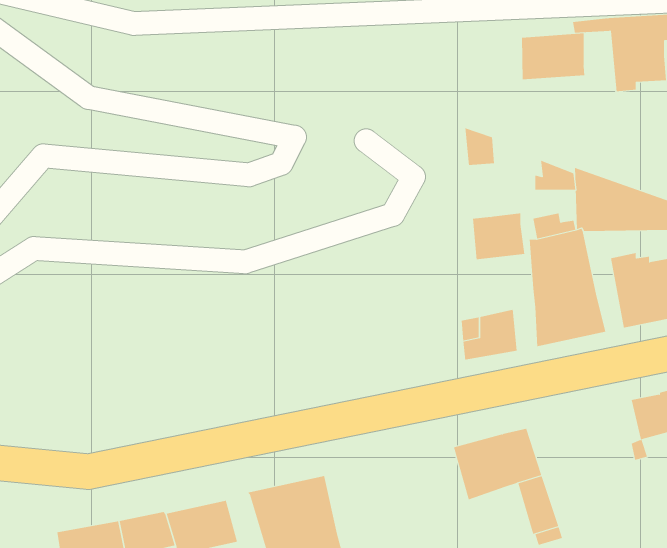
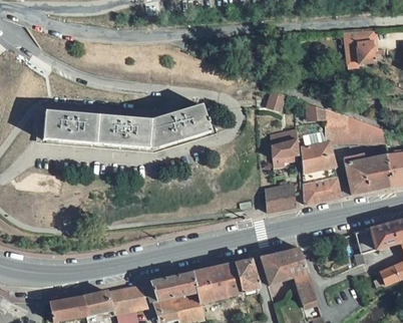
building: [521,33,585,80] -> none
building: none -> [37,103,211,148]
building: none -> [192,259,259,303]

